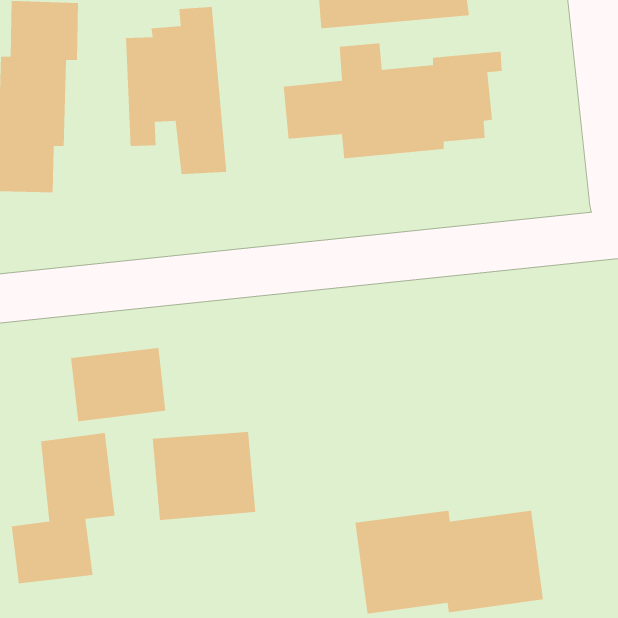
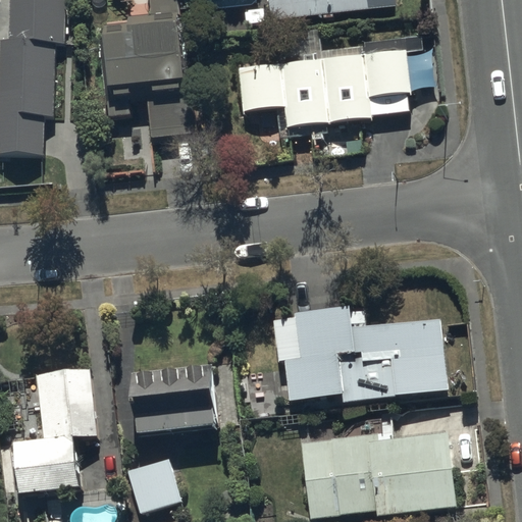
building: [70,347,166,422] -> none
building: none -> [271,303,447,399]
building: none -> [125,458,179,515]

